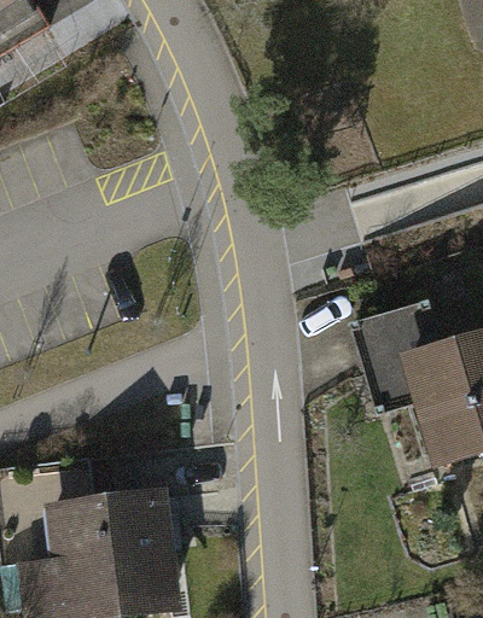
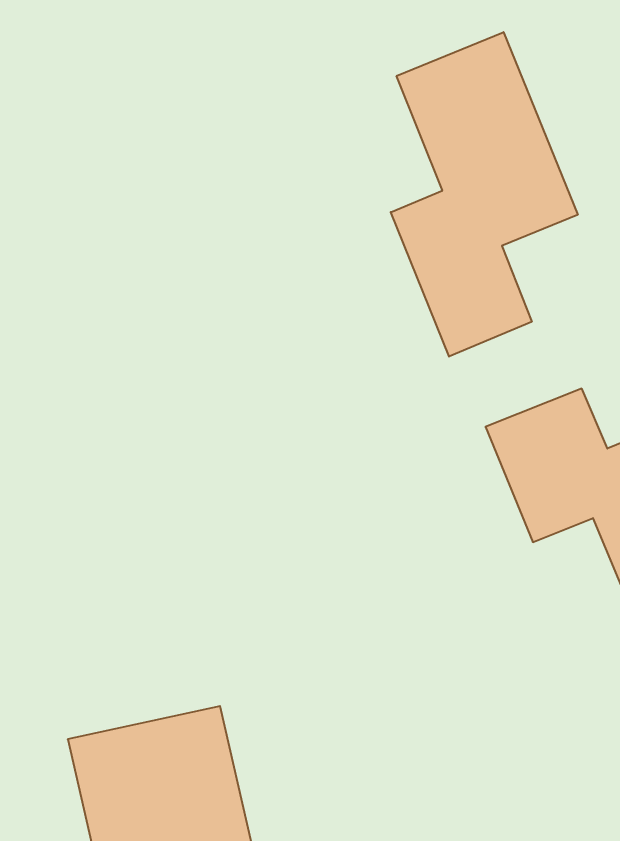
building: none -> [391,32,578,357]

